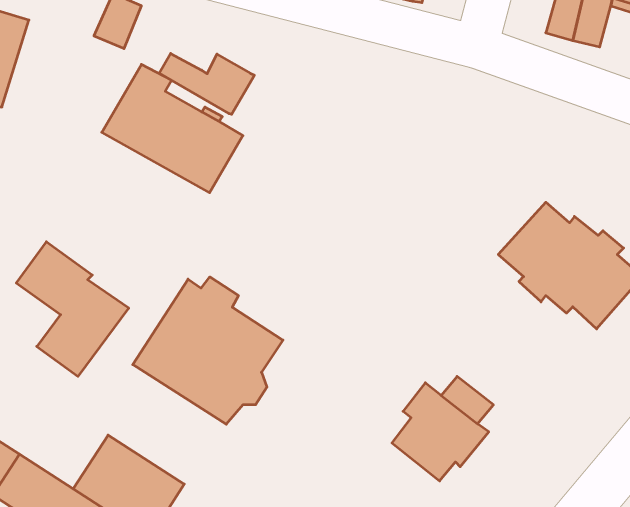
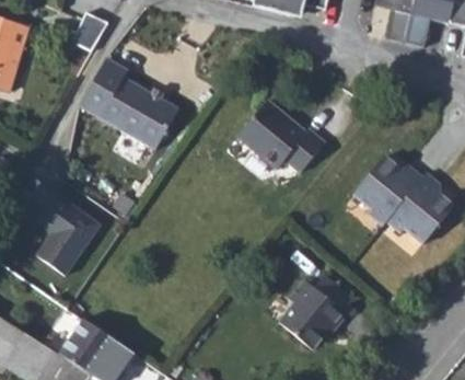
building: [159,53,254,114] -> none
building: none -> [237,102,325,172]
building: [133,277,283,424] -> none

